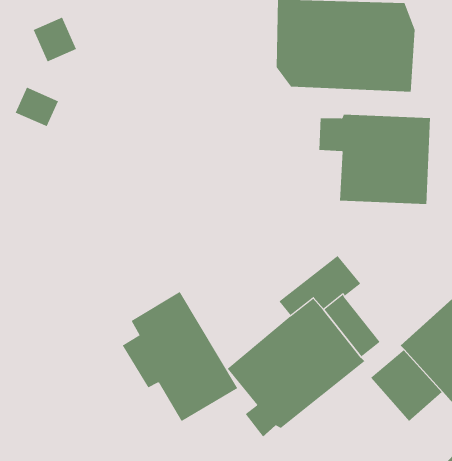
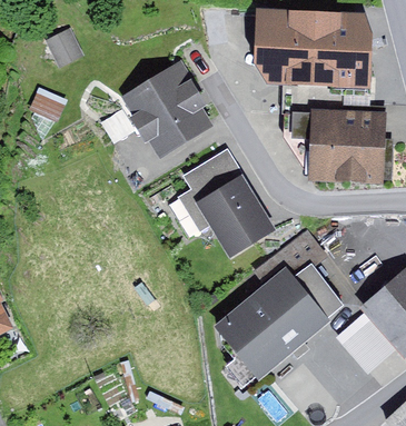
building: none -> [125,61,215,159]
building: [122,291,238,422] -> [177,149,277,261]

